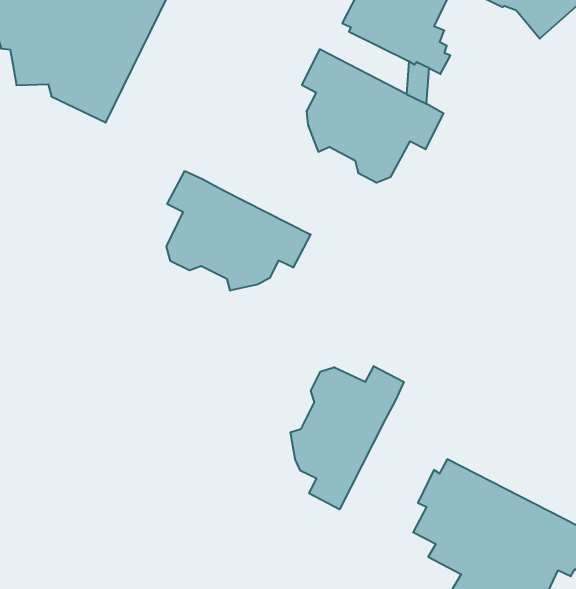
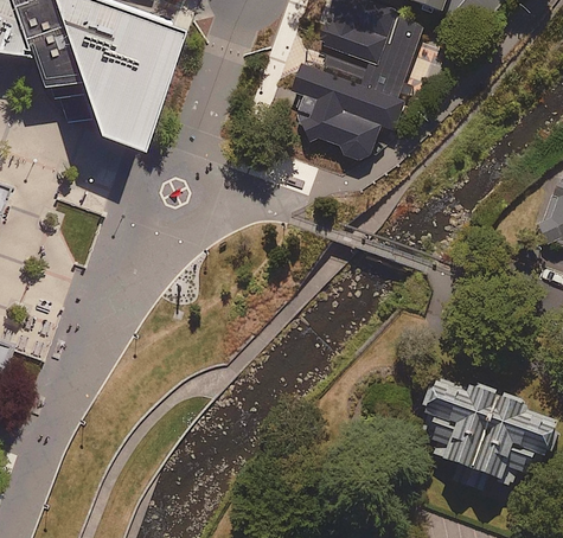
building: [167,171,311,291] -> none
building: [290,366,404,509] -> none

